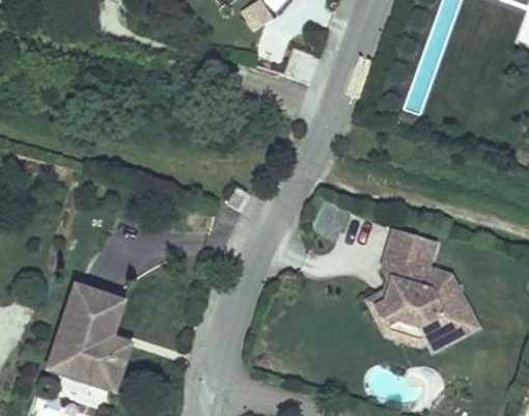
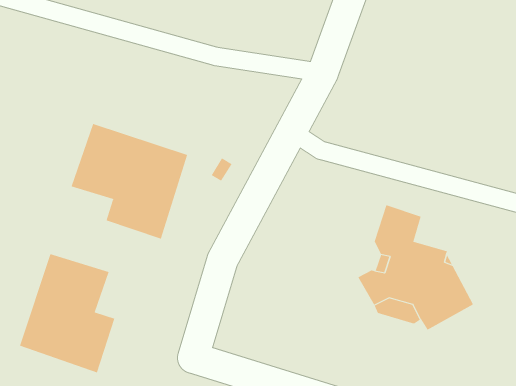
building: none -> [71,123,188,240]

